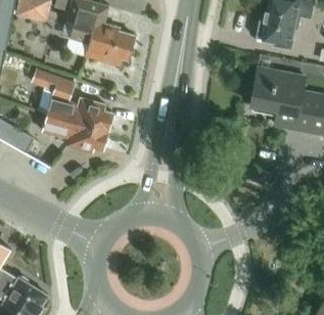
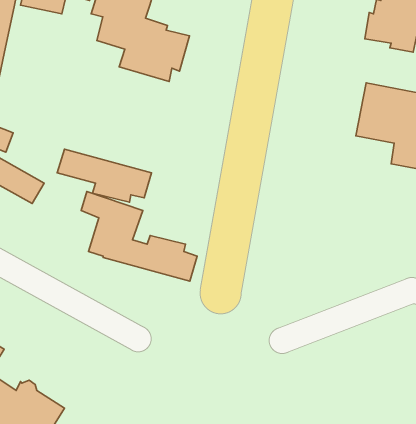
building: [33,69,113,131] -> [81,191,197,281]

